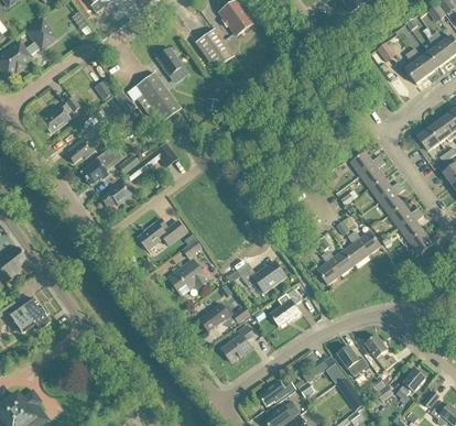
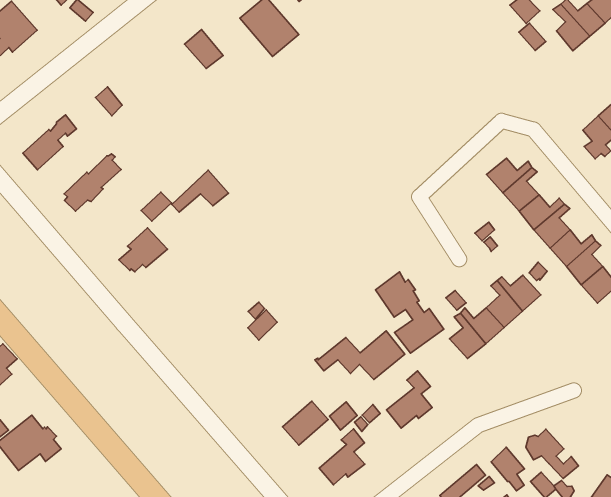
building: [135,73,181,122] -> none
building: [80,151,115,185] -> none
building: [139,218,186,250] -> none
building: none -> [375,272,444,353]
building: [169,260,209,295] -> none

